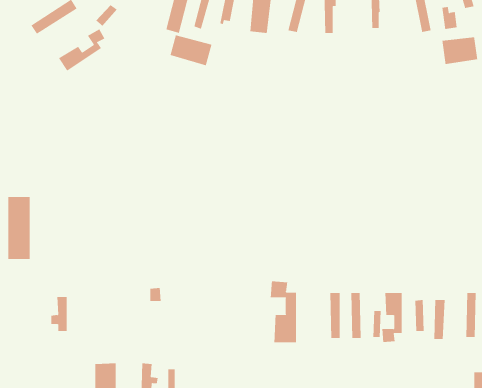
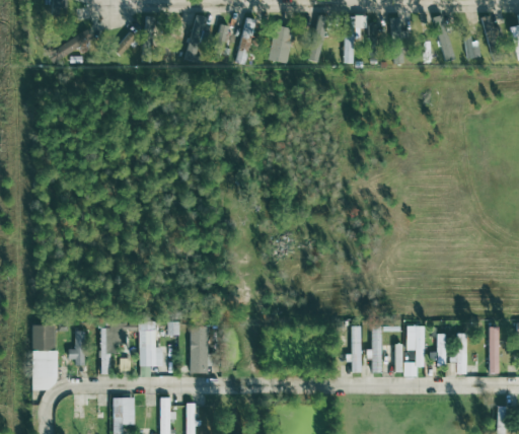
building: [58,28,105,71] -> none
building: [170,34,212,66] -> none
building: [442,37,478,65] -> none
building: [8,196,31,259] -> [31,324,55,388]
building: [270,281,296,343] -> none
building: none -> [99,320,162,373]
building: none -> [190,326,209,373]

